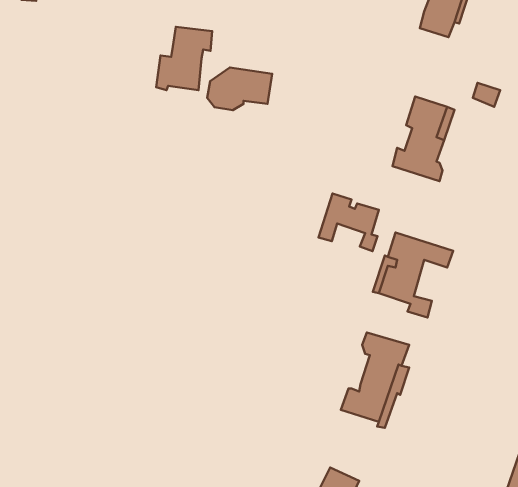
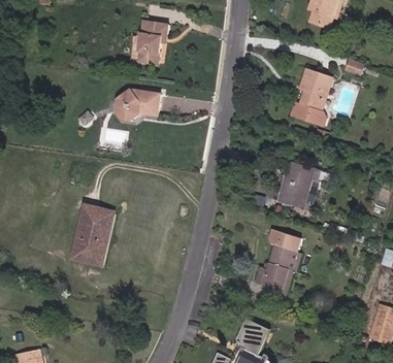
building: [207,68,272,110] -> [114,90,159,119]
building: [319,193,379,251] -> none
building: none -> [72,206,112,264]

